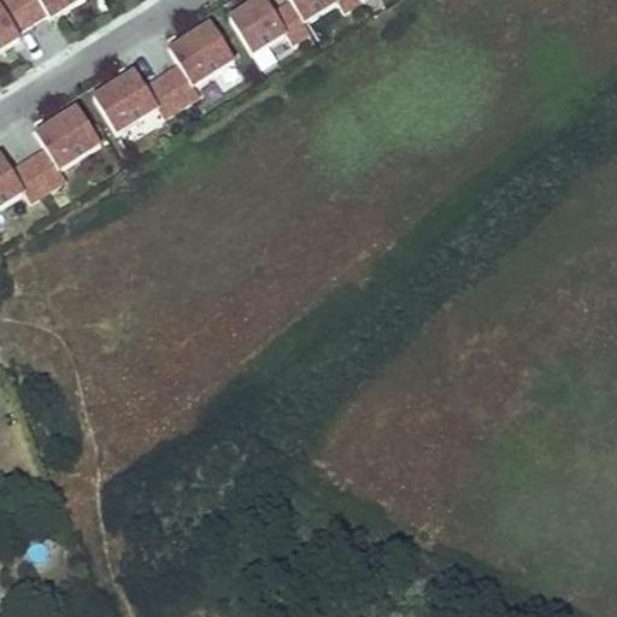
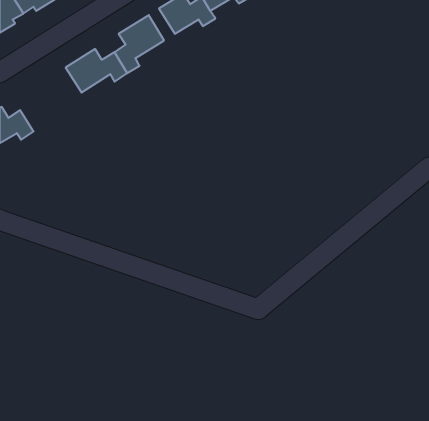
building: [29,106,101,188] -> none

